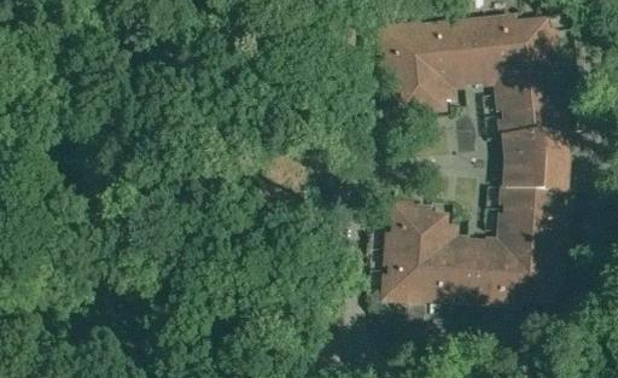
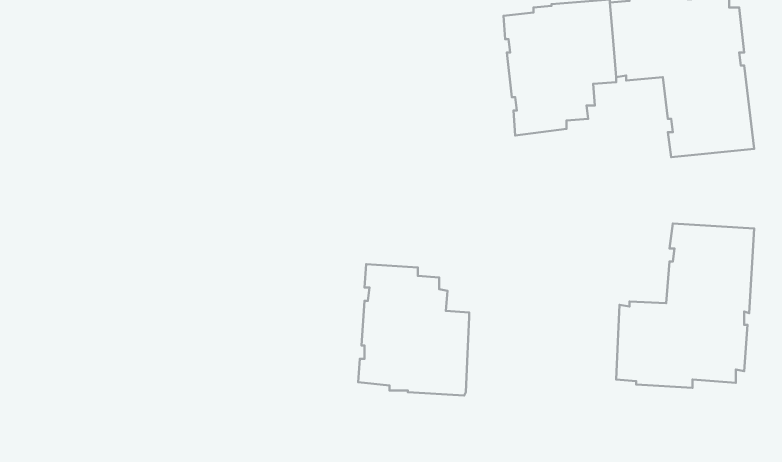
building: [500,127,562,185] -> none
building: [381,202,462,297] -> [358,264,469,395]

